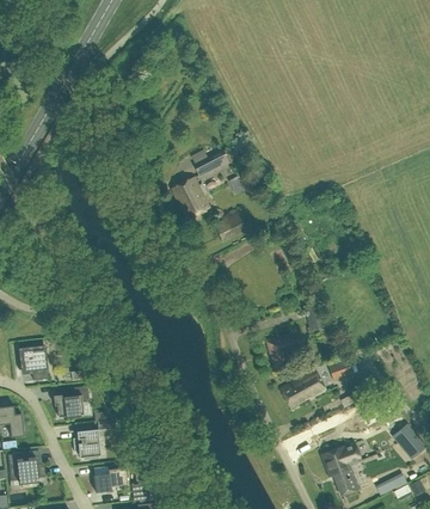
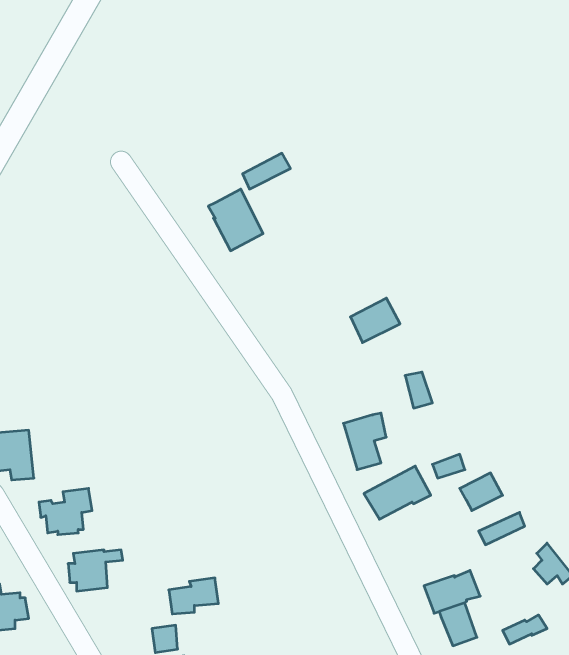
building: [214,211,248,243] -> [350,298,400,343]
building: [93,467,128,492] -> [169,578,218,614]

